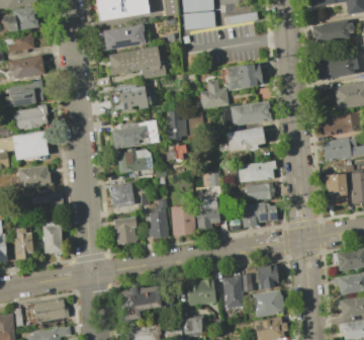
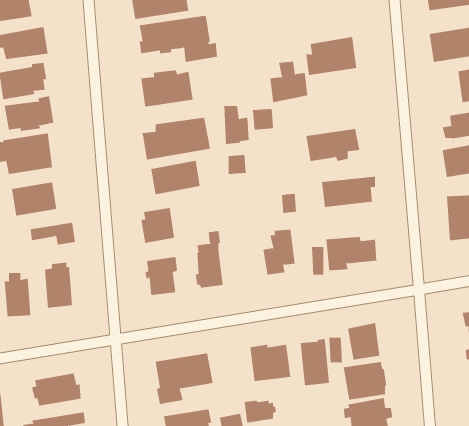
building: [221,100,271,125] -> none
building: [244,182,274,200] -> none
building: [170,205,195,236] -> none

